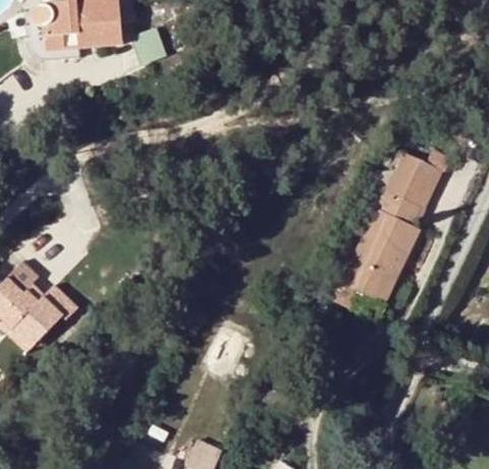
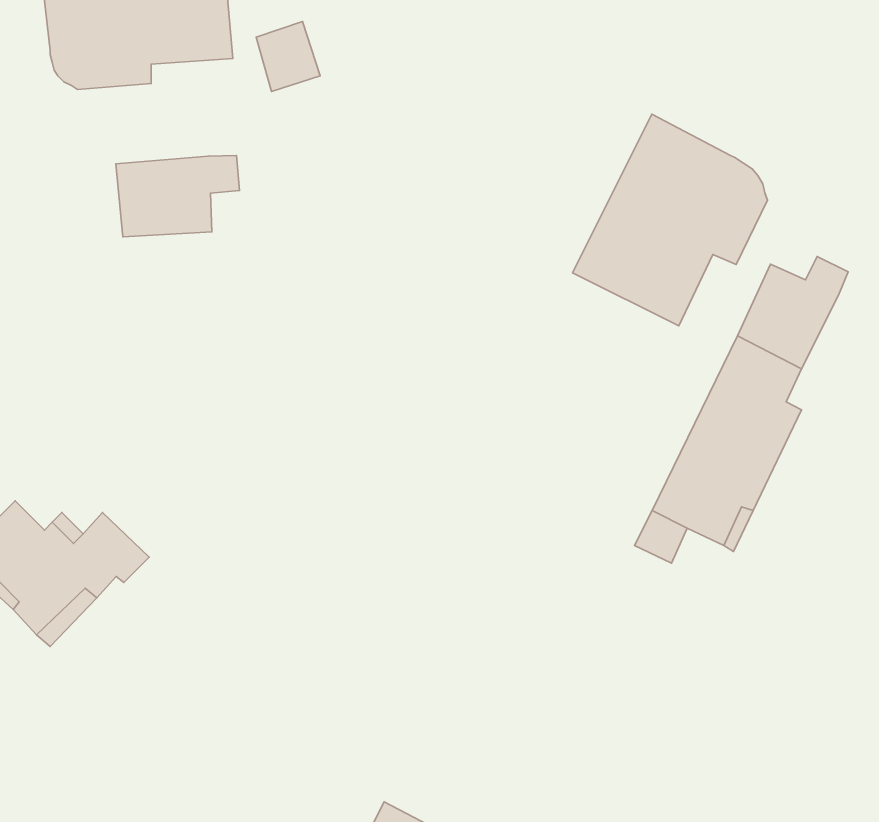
building: none -> [573,114,768,326]
building: none -> [116,155,240,237]

